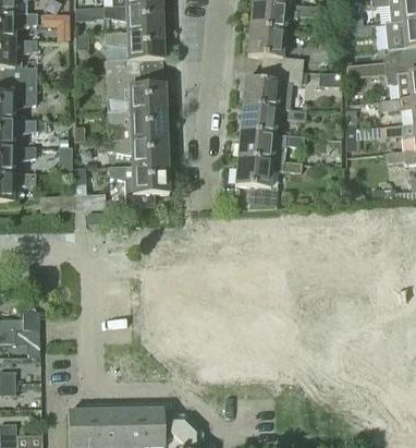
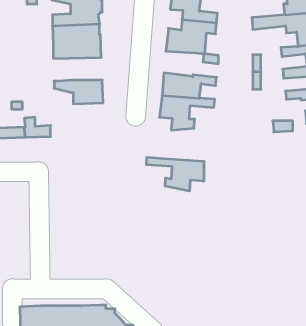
building: [241,105,279,135] -> none
building: [108,112,167,141] -> none
building: [110,166,169,206] -> none
building: none -> [147,157,204,191]

